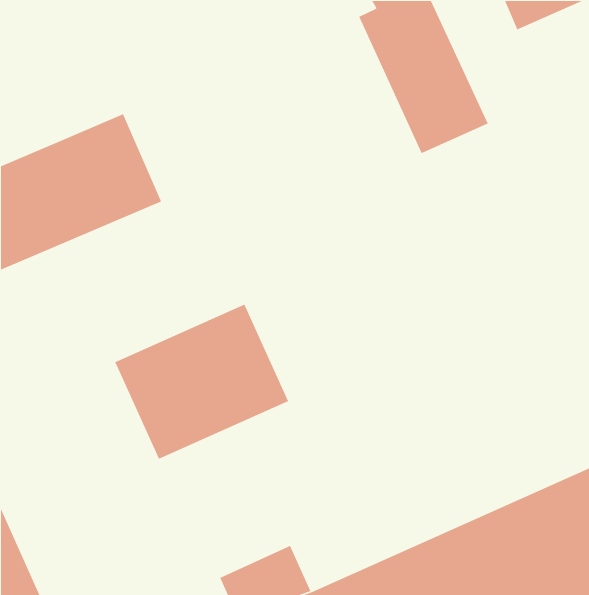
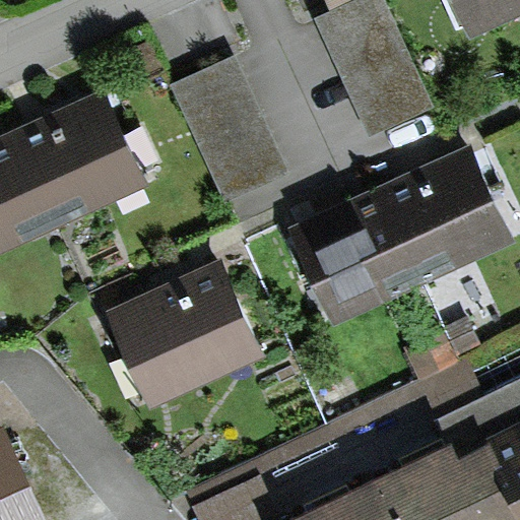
building: none -> [172,59,285,202]
building: none -> [288,149,512,322]

